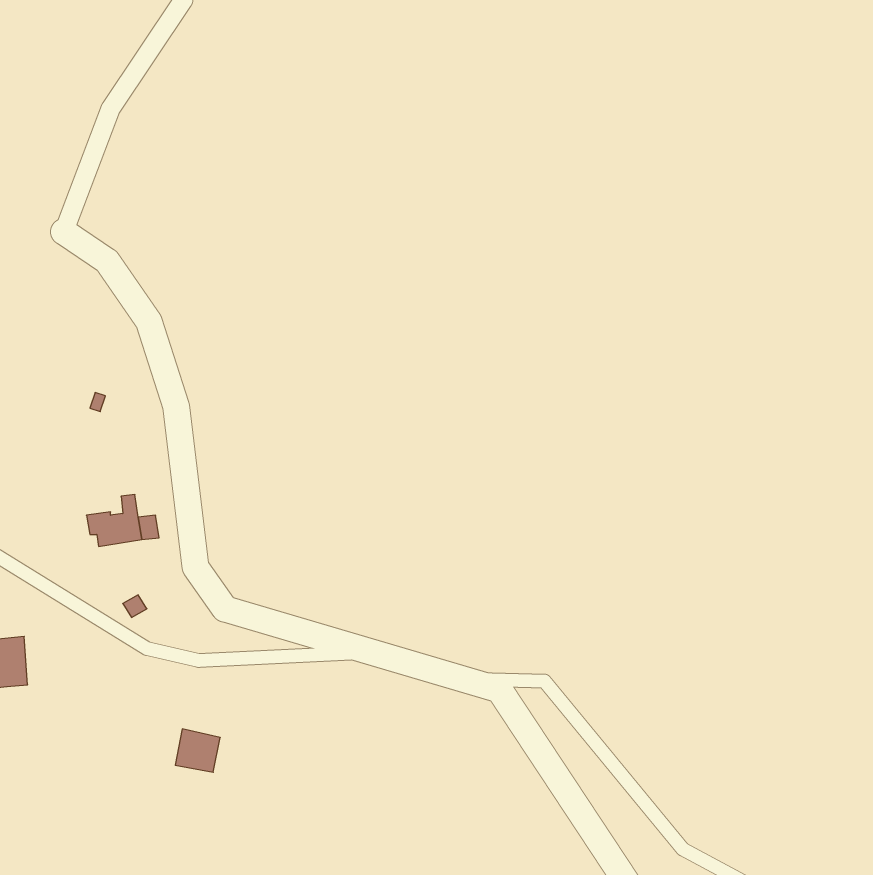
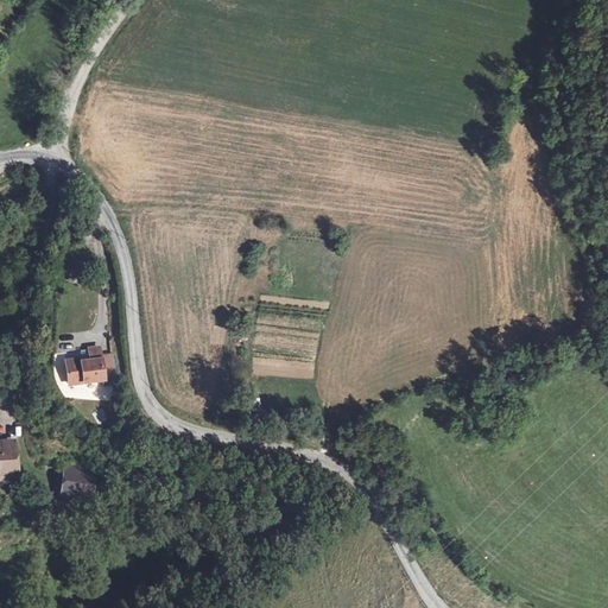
building: [175,729,220,772] -> [64,468,95,498]

